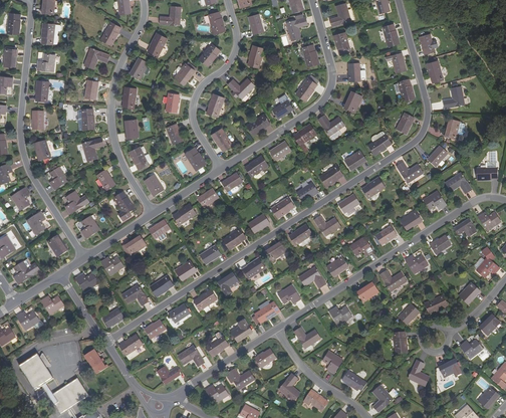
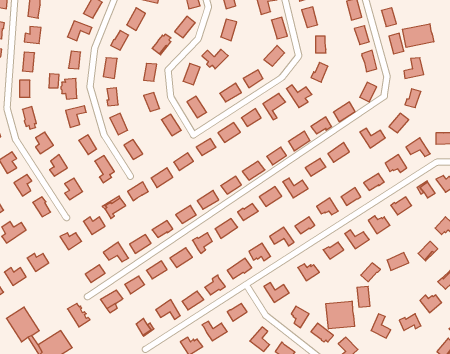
building: none -> [402,24,434,47]
building: none -> [326,301,355,329]

